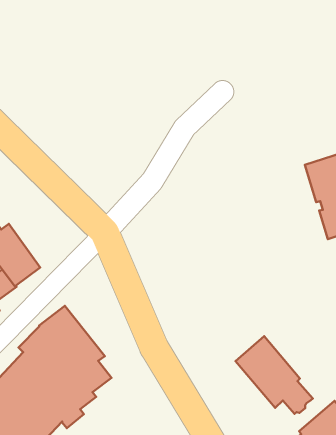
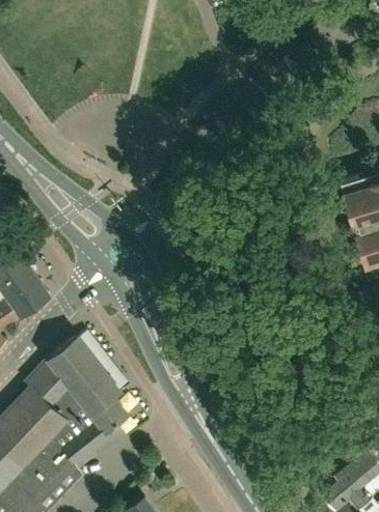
building: [235,336,313,414] -> none

